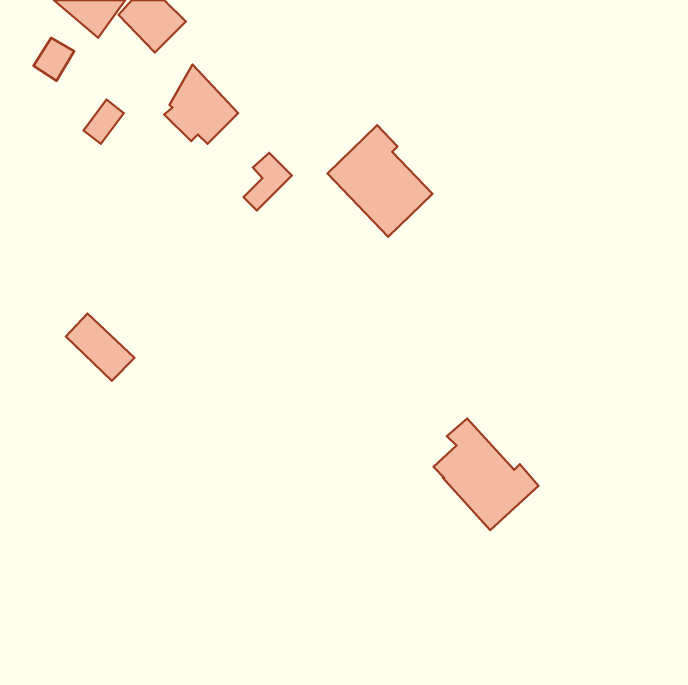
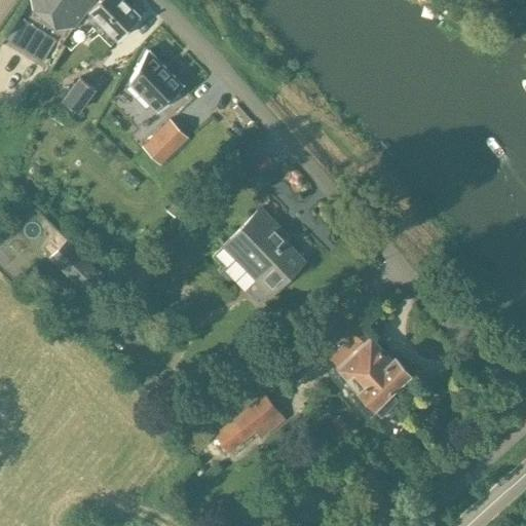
building: [327,125,432,237] -> [224,210,304,295]
building: [244,153,292,211] -> [150,121,187,165]
building: none -> [214,394,286,454]

